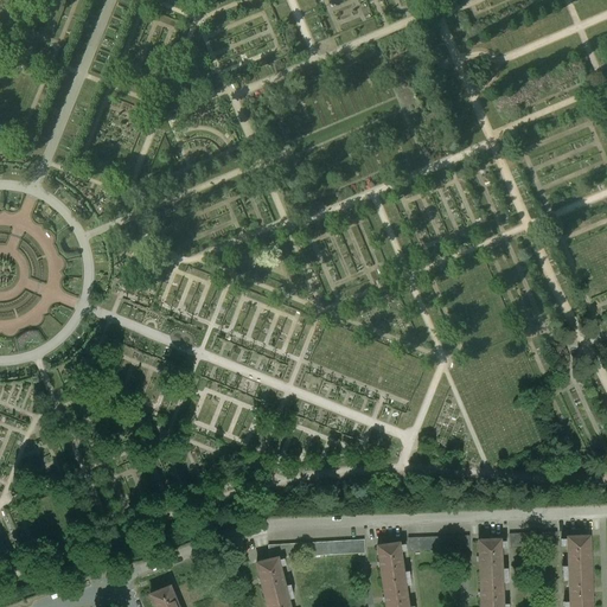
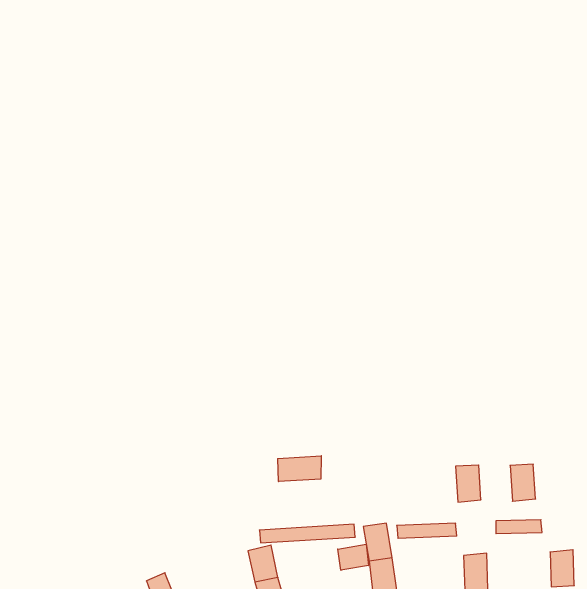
building: none -> [278,456,321,482]
building: [566,530,592,568] -> [510,464,536,501]
building: [477,533,503,571] -> [456,465,481,502]
building: none -> [338,544,368,570]

